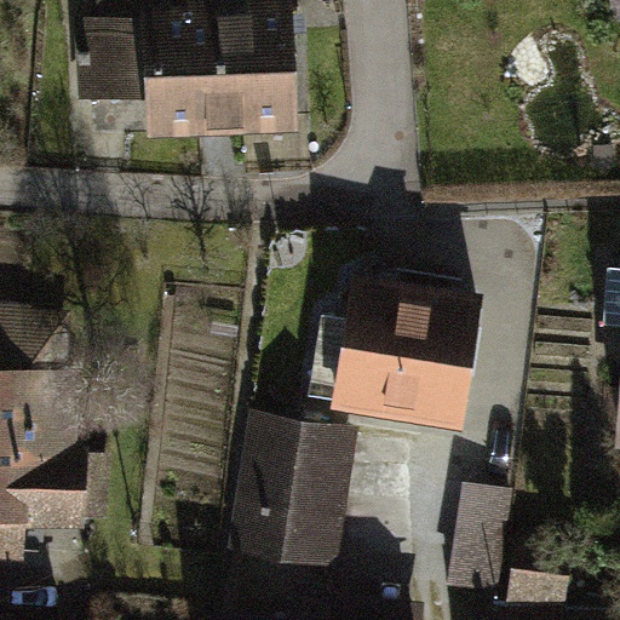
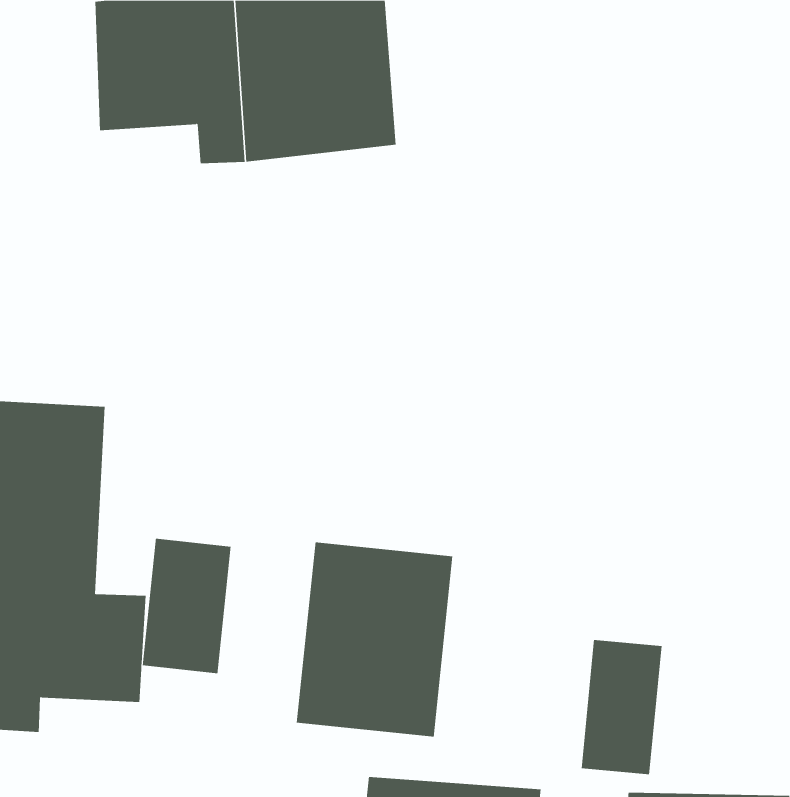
building: [325,277,481,436] -> none
building: none -> [142,538,231,674]

